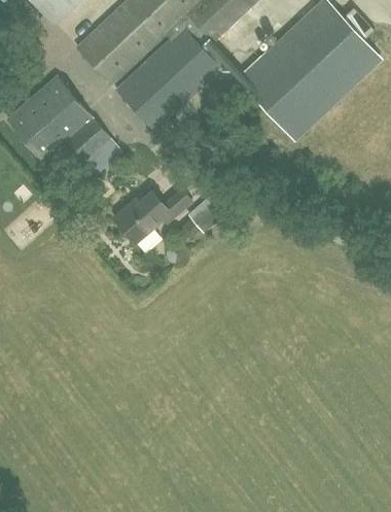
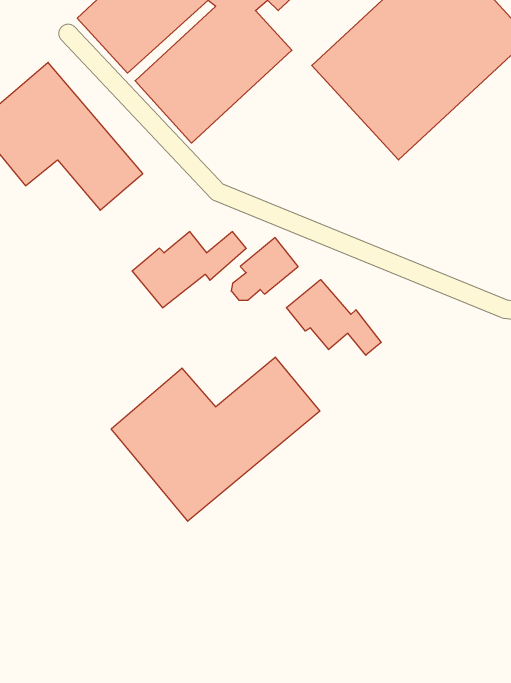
building: none -> [286,280,381,355]
building: none -> [111,357,320,521]

